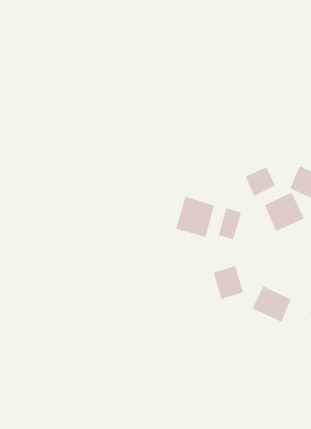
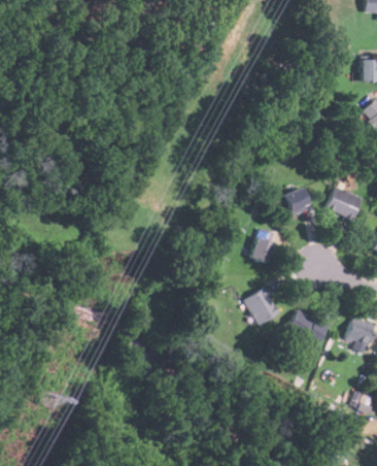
building: [264,192,304,232] -> none
building: [176,196,215,238] -> none

